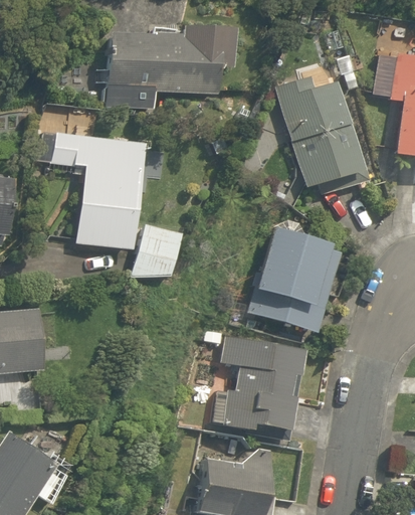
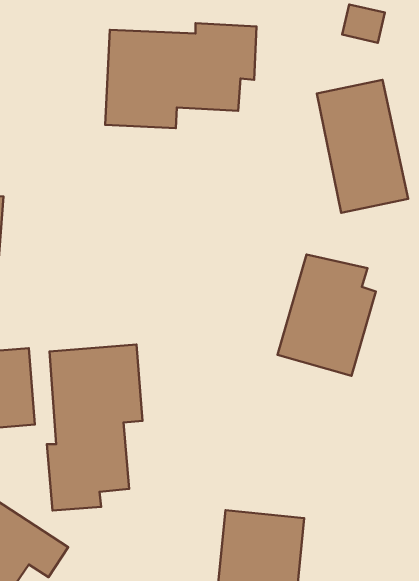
building: [44,132,187,285] -> none
building: none -> [47,345,143,511]
building: [219,334,307,433] -> none

